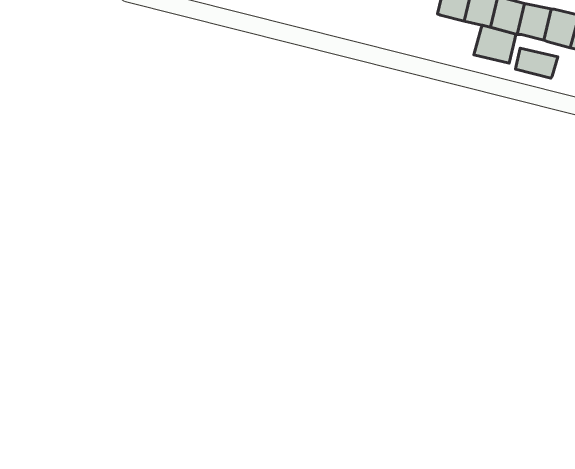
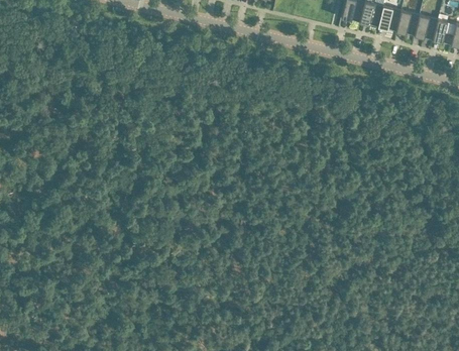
building: [474,25,516,63] -> none
building: [516,48,558,78] -> none

